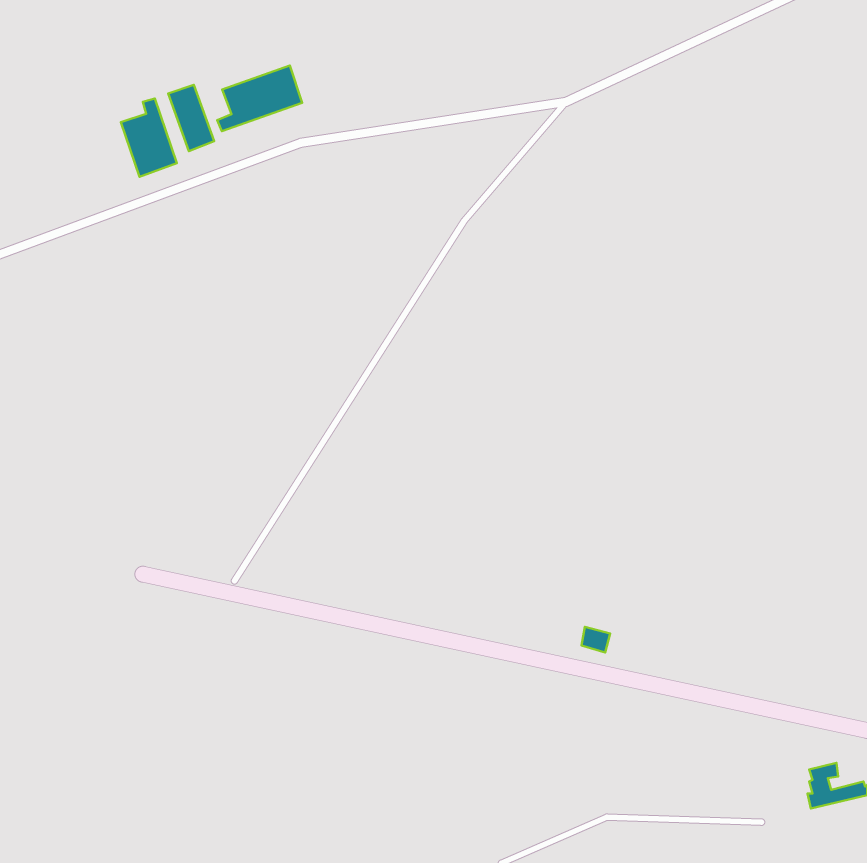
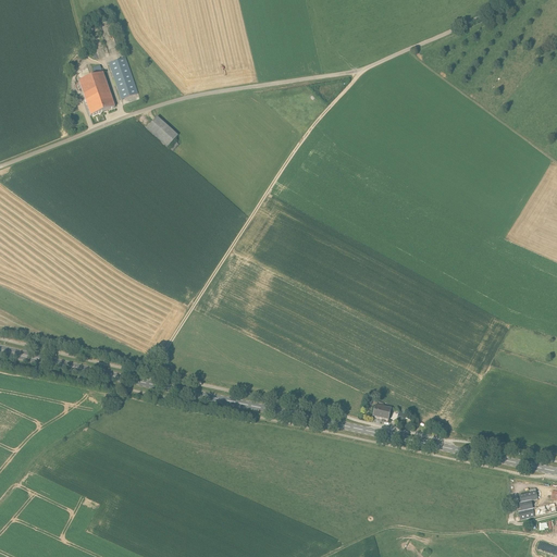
building: [217,66,302,131] -> none
building: none -> [146,114,177,145]

